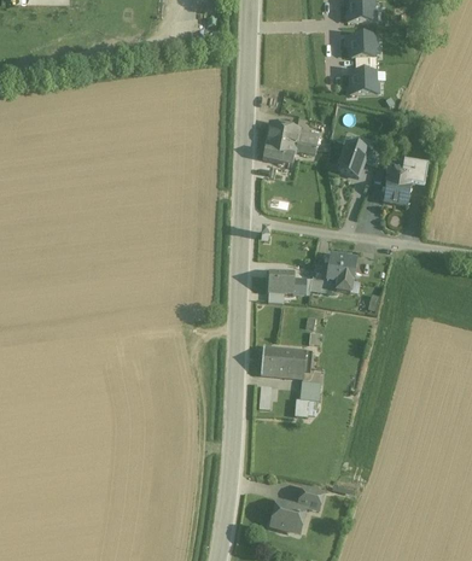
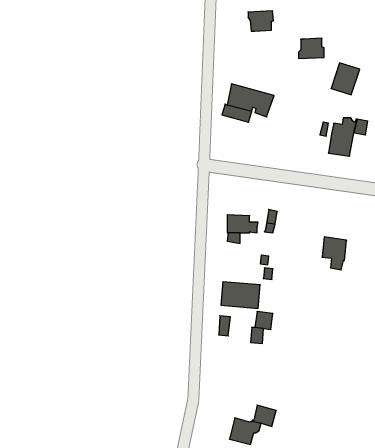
building: [348,34,377,57] -> [248,11,274,31]
building: [337,141,369,177] -> [331,63,360,95]
building: [328,255,356,292] -> [322,237,347,270]

